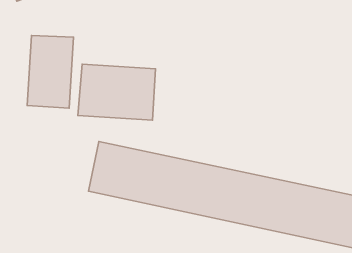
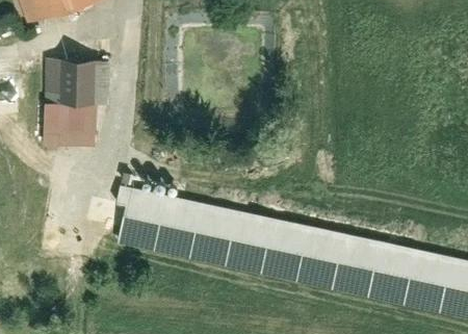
building: [78,64,156,120] -> none

